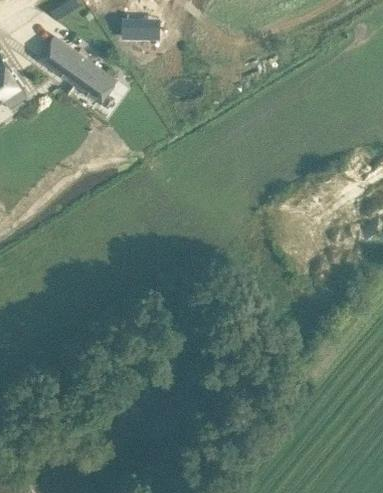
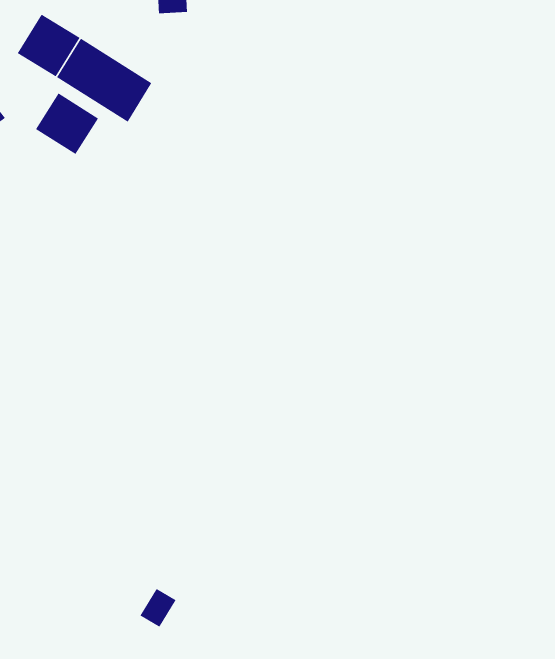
building: none -> [35,93,99,155]

